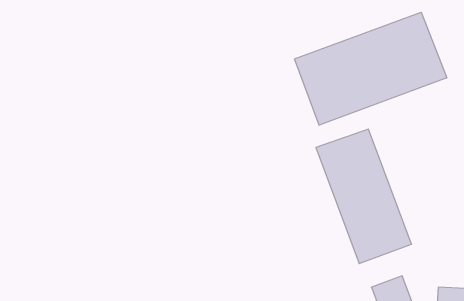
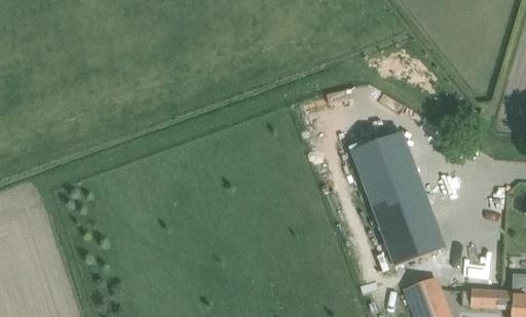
building: [294,12,447,125] -> none

